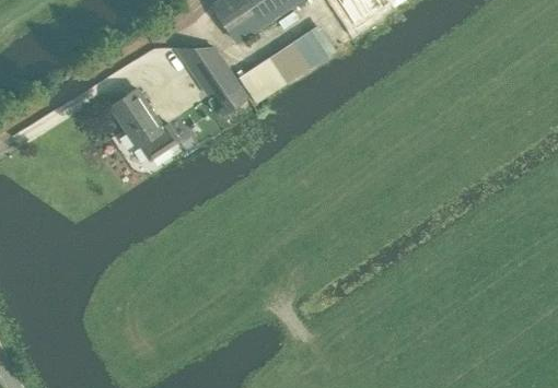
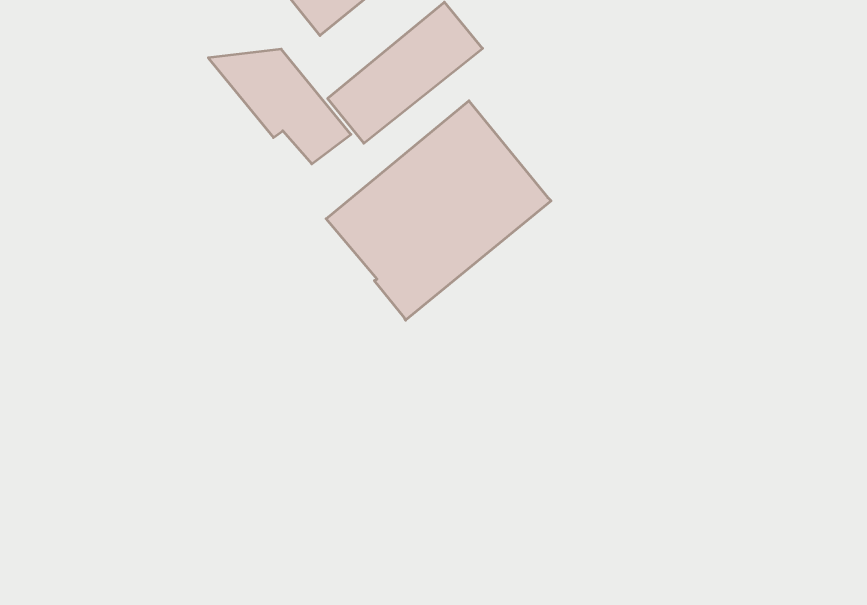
building: none -> [326,101,551,320]
building: [111,91,183,164] -> none

